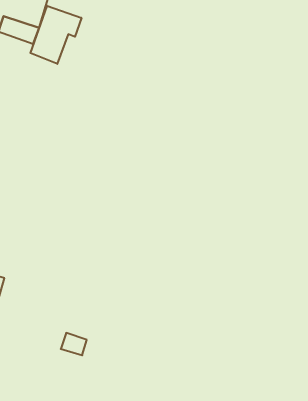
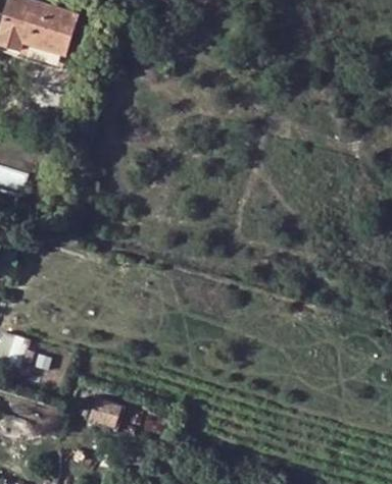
building: [30,6,81,64] -> none

